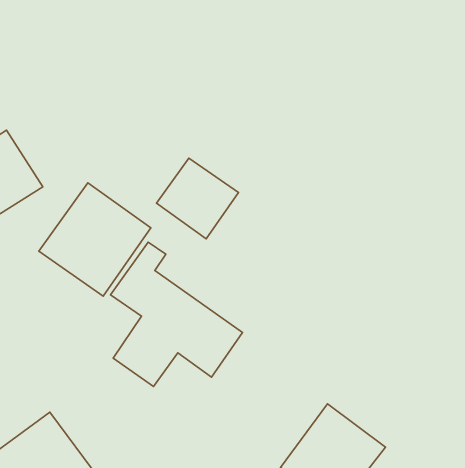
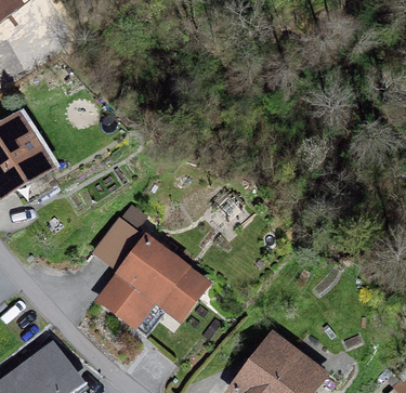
building: [156,158,238,239] -> none
building: [39,183,151,296] -> none

